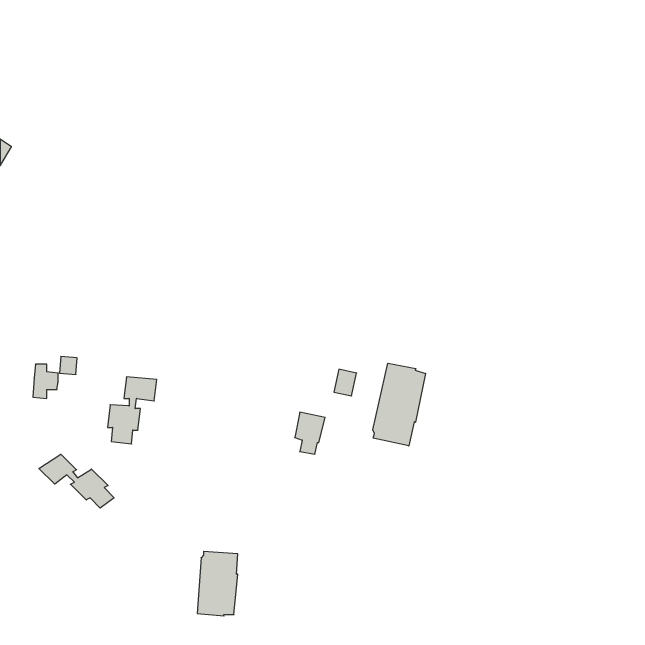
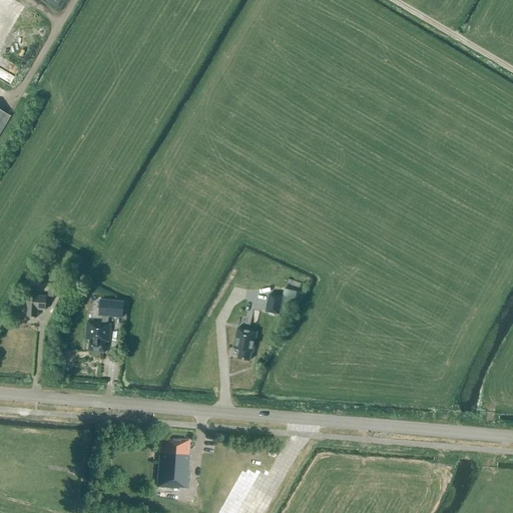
building: [373,363,426,446] -> none
building: [39,454,114,508] -> none

